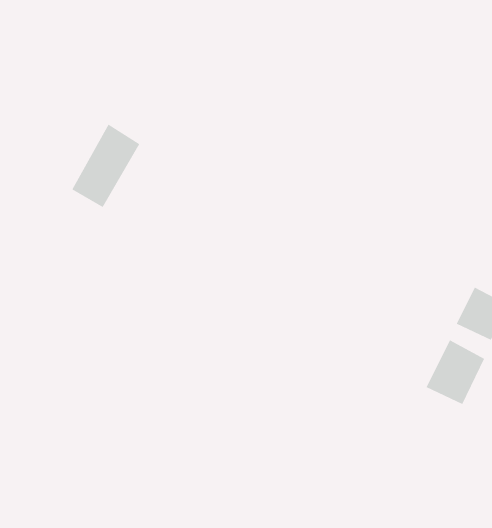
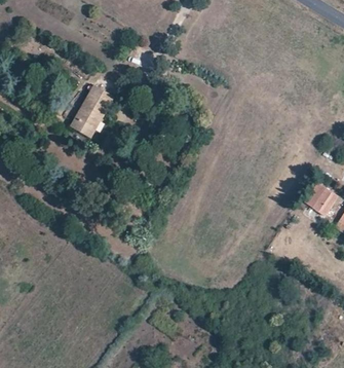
building: [426,340,485,405] -> none

